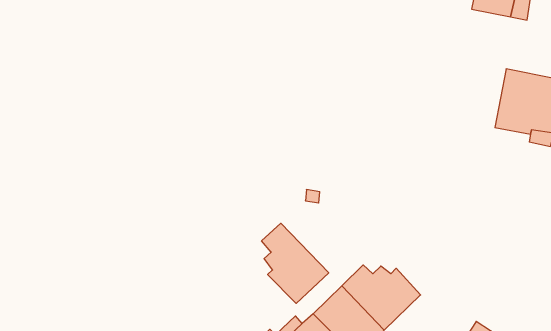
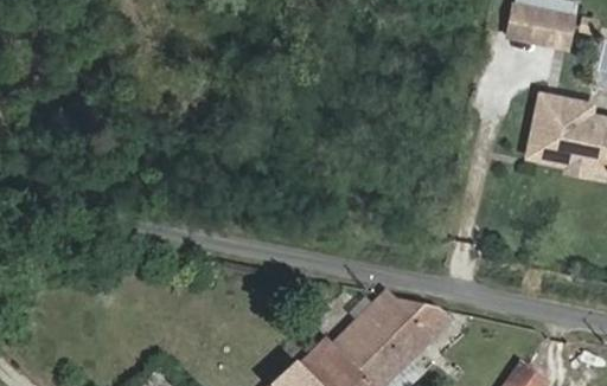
building: [262,223,329,303] -> none

